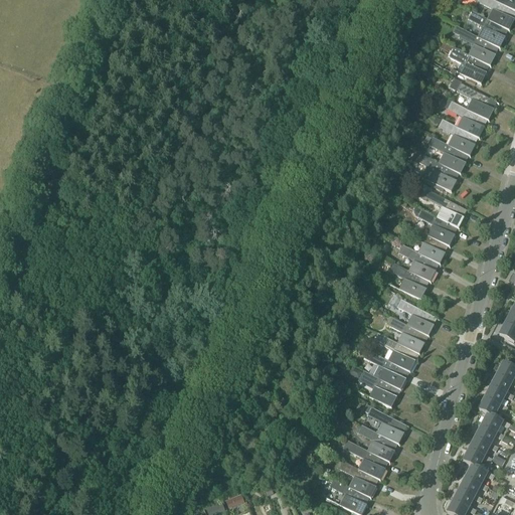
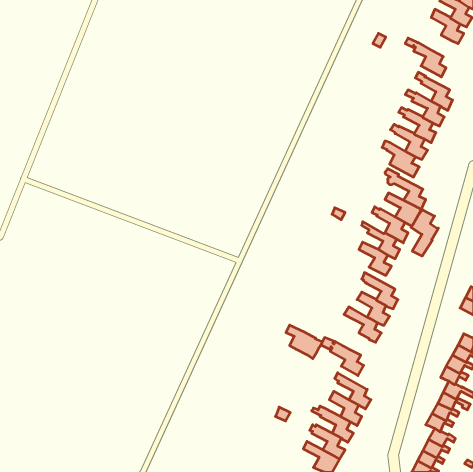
building: [457,26,495,65] -> none
building: none -> [411,210,438,256]
building: [369,353,408,389] -> [286,325,322,359]

